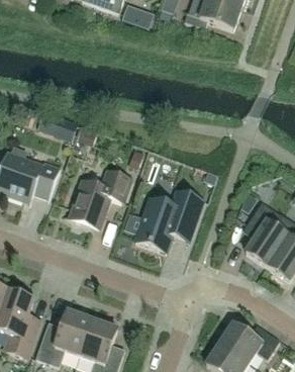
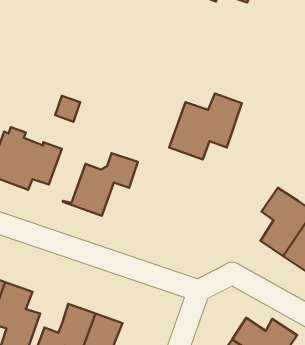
building: [134,189,202,251] -> [169,93,242,159]

